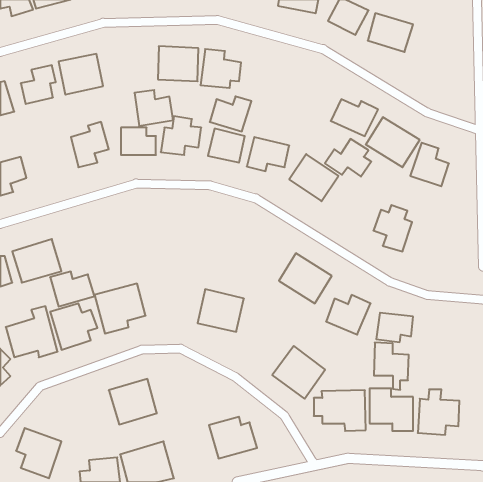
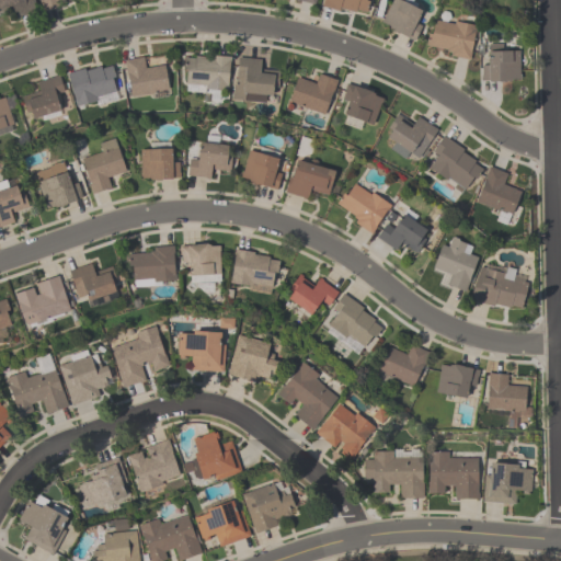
building: none -> [483,51,519,83]
building: none -> [341,83,383,127]
building: [134,90,173,126] -> [125,56,170,98]
building: [210,96,251,131] -> [289,73,337,114]
building: [325,139,371,177] -> [377,209,431,253]
building: none -> [35,162,80,210]
building: none -> [183,244,220,282]
building: none -> [129,247,176,286]
building: none -> [229,249,278,294]
building: none -> [471,263,528,312]
building: none -> [284,275,340,316]
building: [50,272,95,307] -> [69,265,121,306]
building: none -> [178,330,226,371]
building: none -> [278,363,342,431]
building: [374,343,409,390] -> [486,373,527,427]
building: none -> [190,431,242,483]
building: none -> [76,459,131,513]
building: none -> [193,499,251,547]

